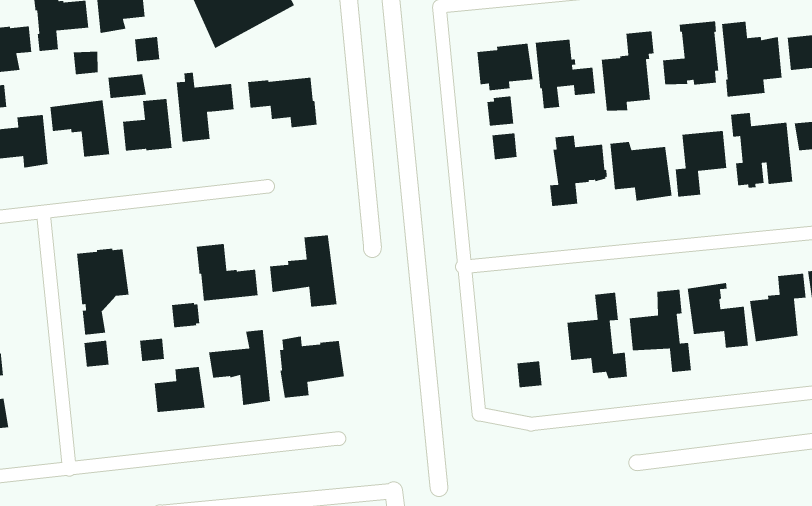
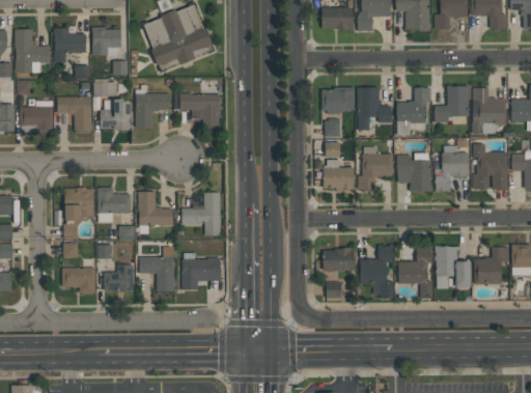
building: none -> [324,159,354,191]
building: none -> [97,187,131,222]
building: none -> [323,248,354,270]
building: none -> [62,266,96,292]

